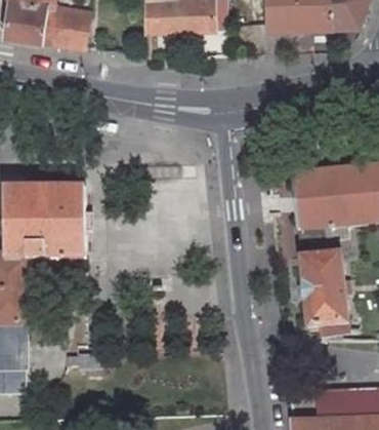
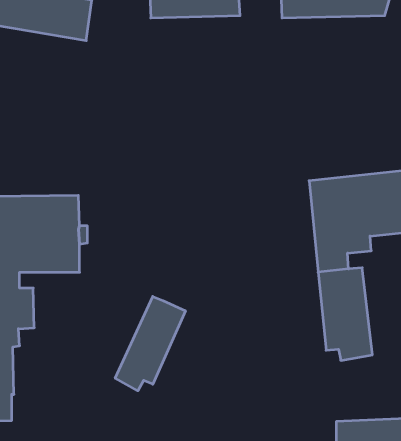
building: none -> [115,296,185,391]

